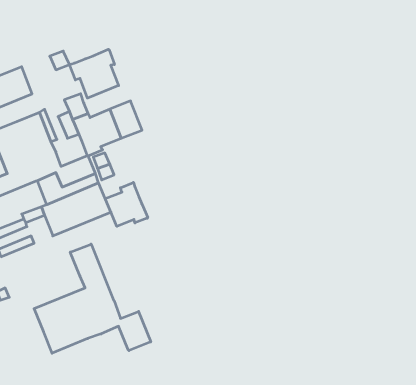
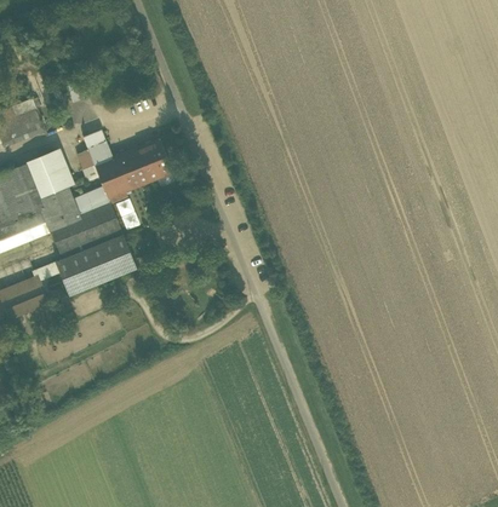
building: [69,49,119,98] -> none
building: none -> [73,186,109,215]
building: [105,182,148,226] -> none
building: [34,244,151,353] -> none

